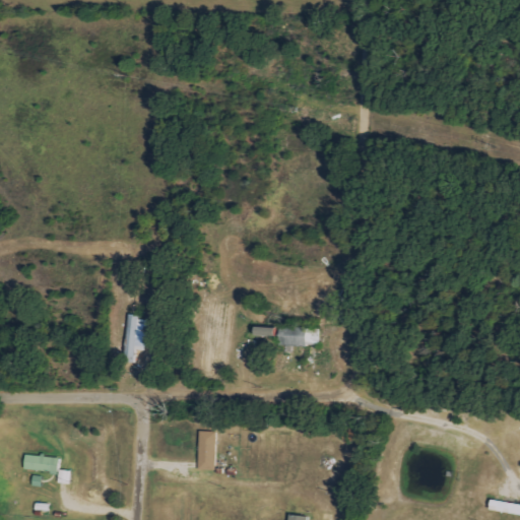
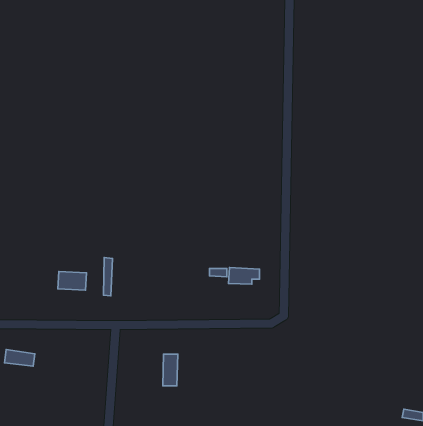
building: none -> [58,271,87,290]
building: [23,453,60,473] -> [5,350,35,366]

